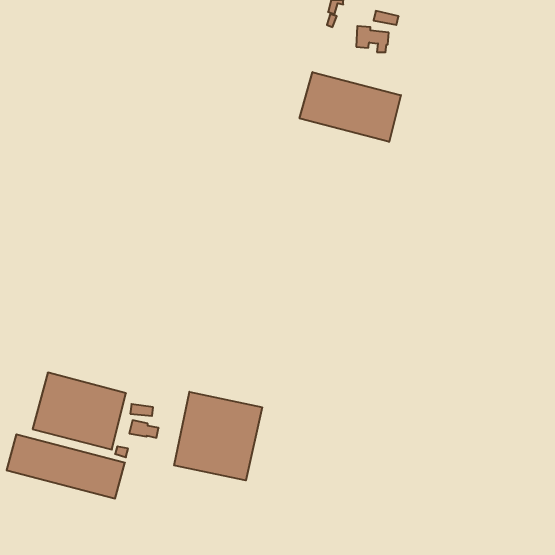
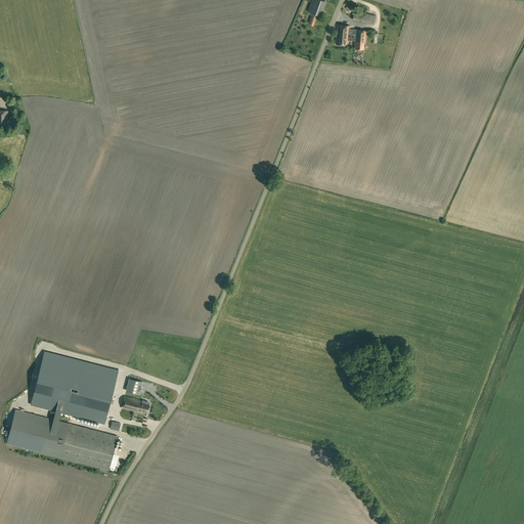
building: [300,72,401,142] -> none
building: [174,392,262,480] -> none

